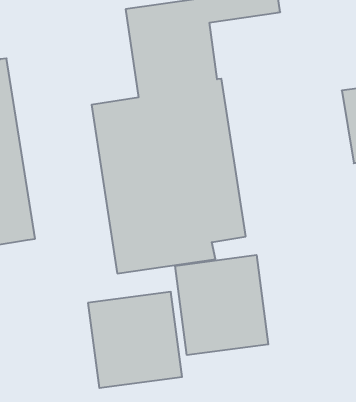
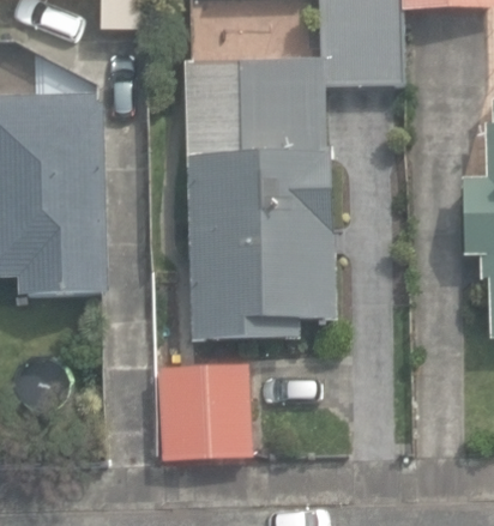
building: [175,255,268,355] -> none

